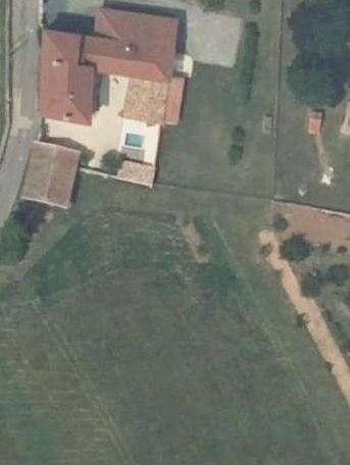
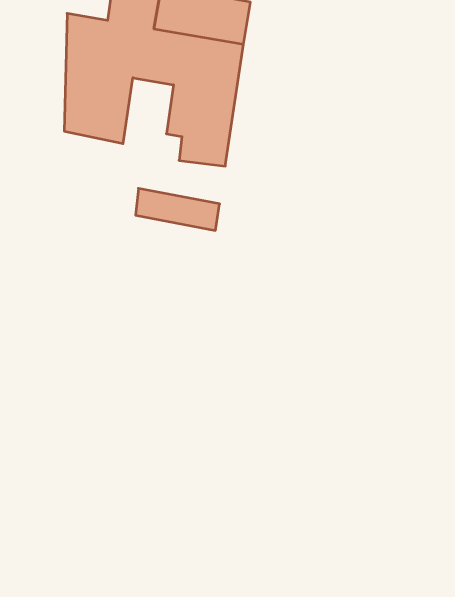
building: [22,143,82,206] -> none

